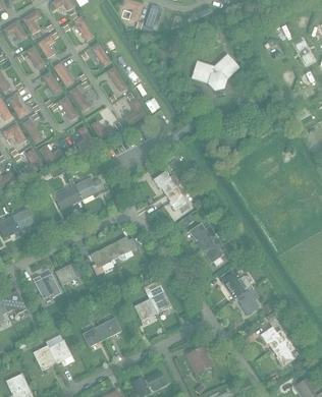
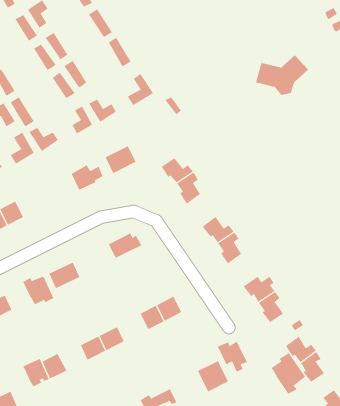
building: [192,54,238,90] -> [255,54,309,95]
building: [54,185,82,210] -> [105,146,136,174]
building: [91,246,113,275] -> none
building: none -> [217,341,248,373]
building: none -> [271,352,306,395]

